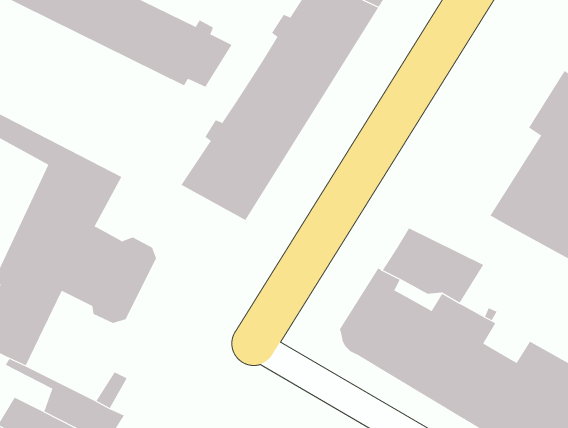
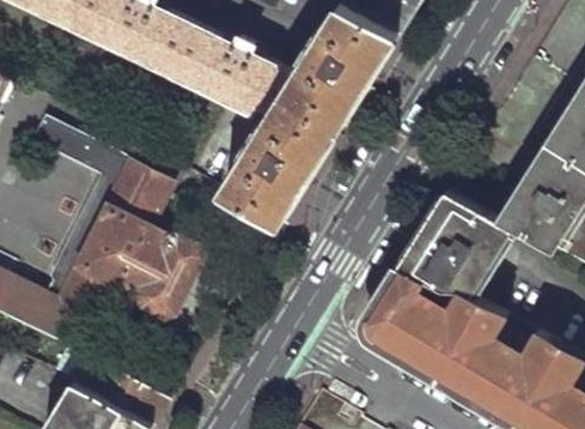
building: none -> [244,66,294,117]
building: none -> [426,194,516,264]

